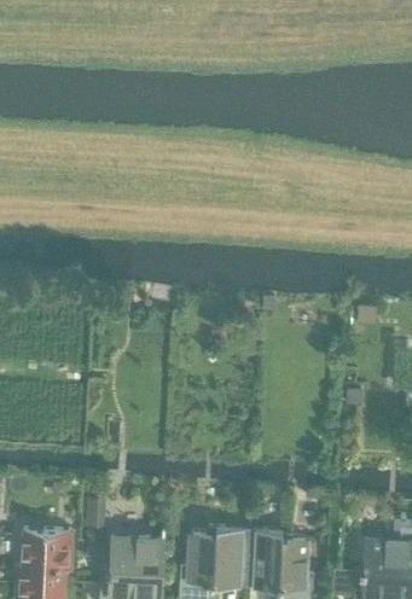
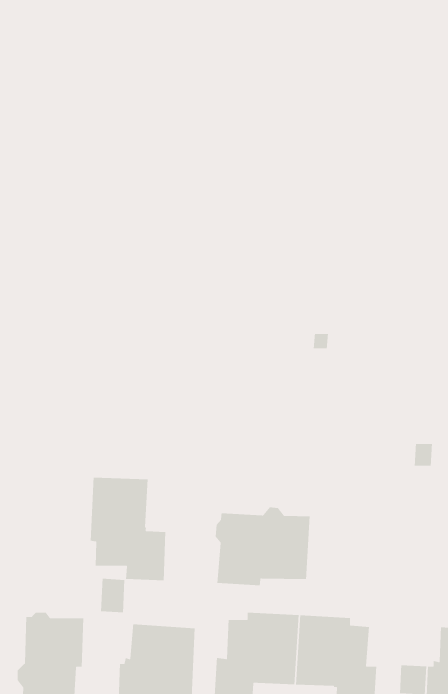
building: none -> [90,477,166,581]
building: none -> [215,507,311,586]

